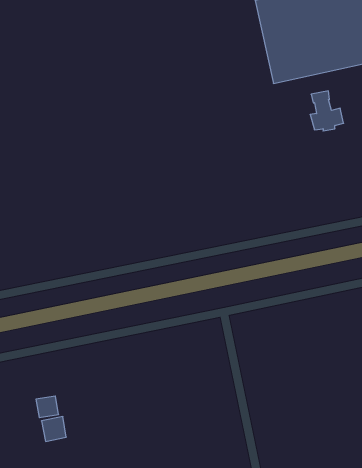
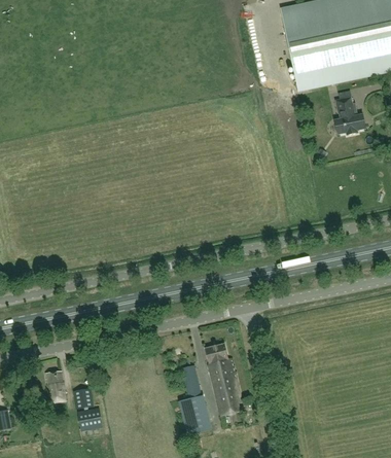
building: none -> [205,343,242,416]
building: none -> [179,363,210,434]
building: none -> [45,369,65,401]

